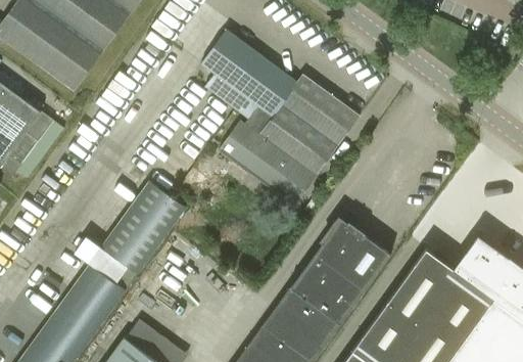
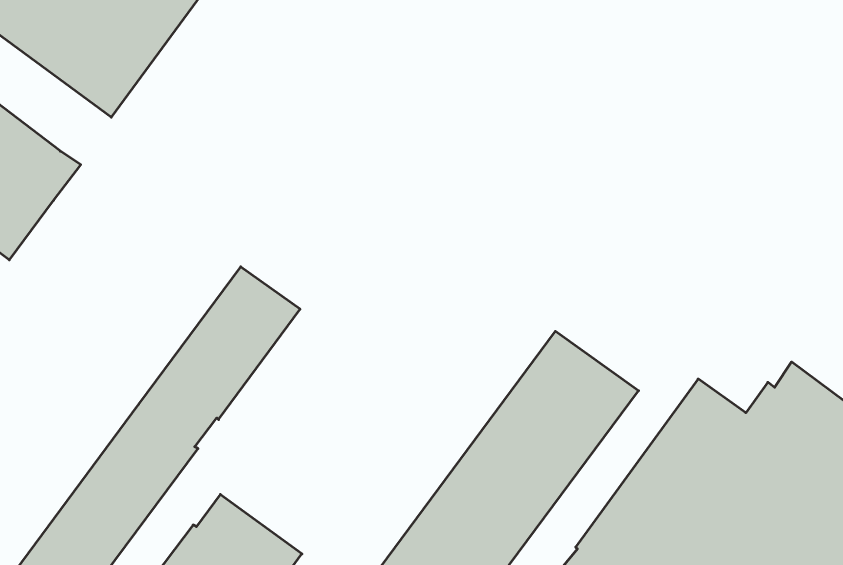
building: [201,30,359,205] -> none

